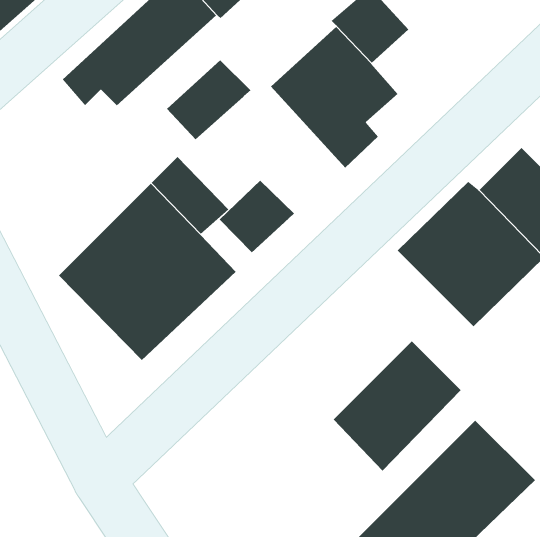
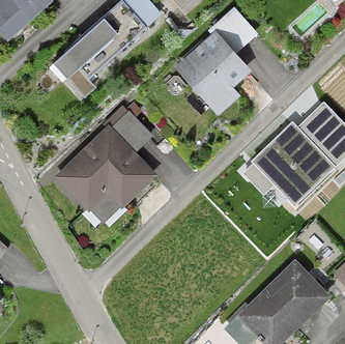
building: [166,59,251,140] -> none
building: [219,180,295,253] -> none
building: [333,341,462,471] -> none

